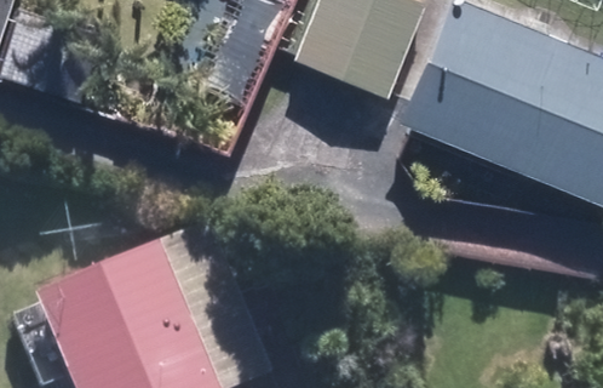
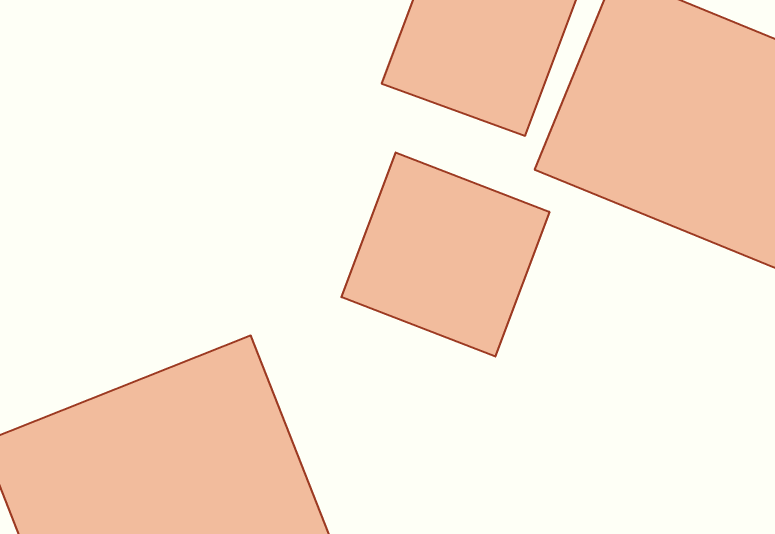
building: none -> [341,152,549,357]

